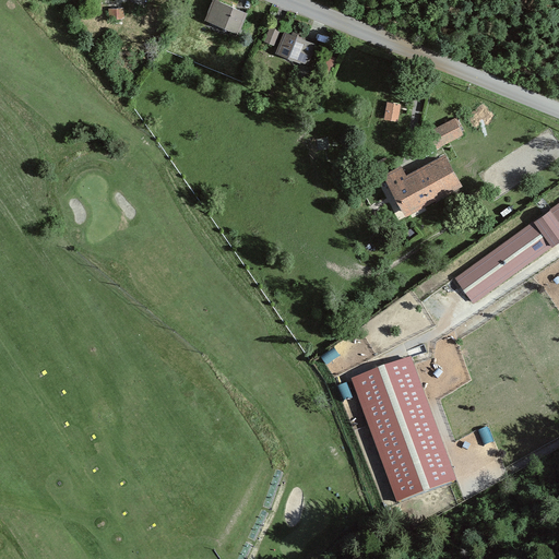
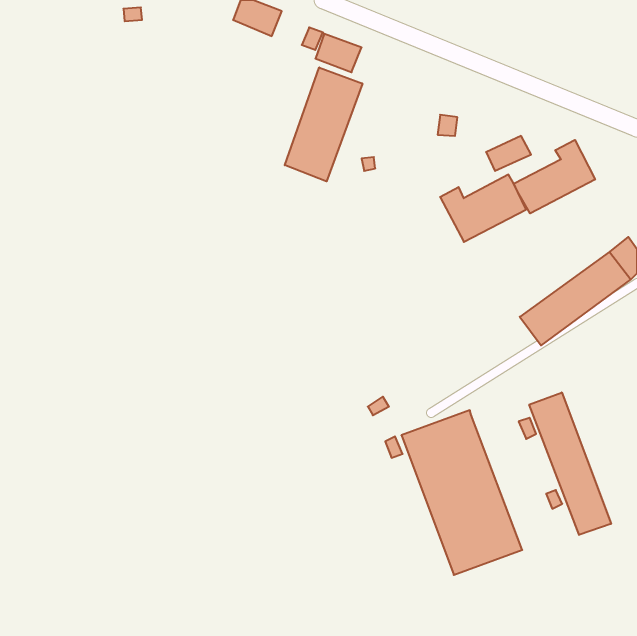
building: none -> [285,67,362,181]
building: none -> [514,140,595,213]
building: none -> [529,392,611,535]

